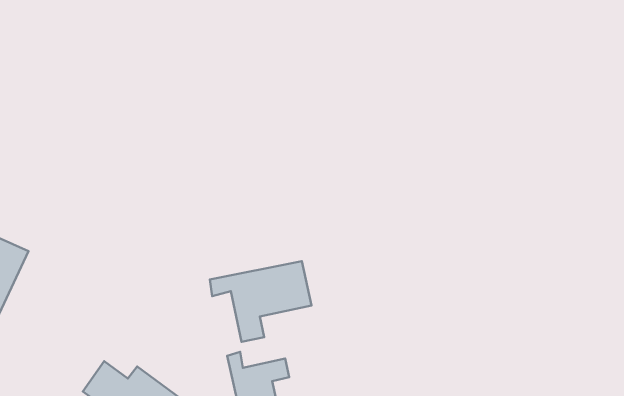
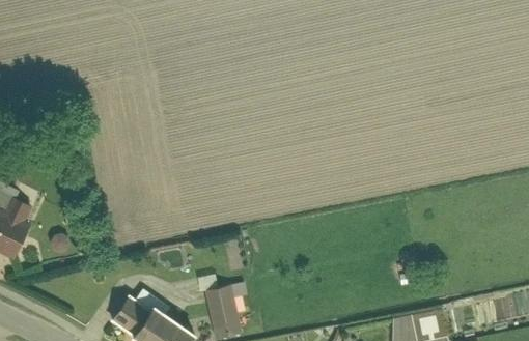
building: [210,261,311,342] -> none

